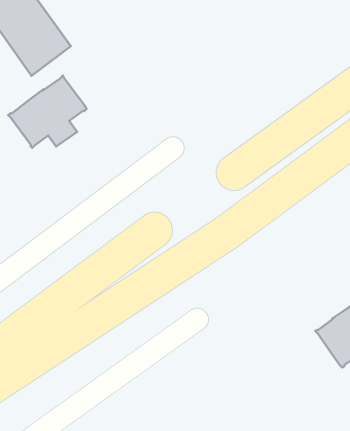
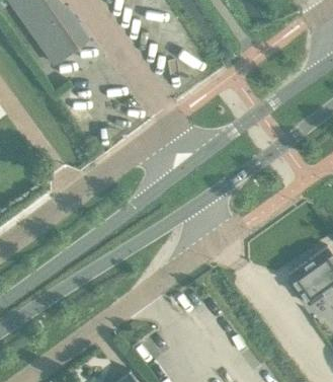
building: [8,75,86,148] -> none

